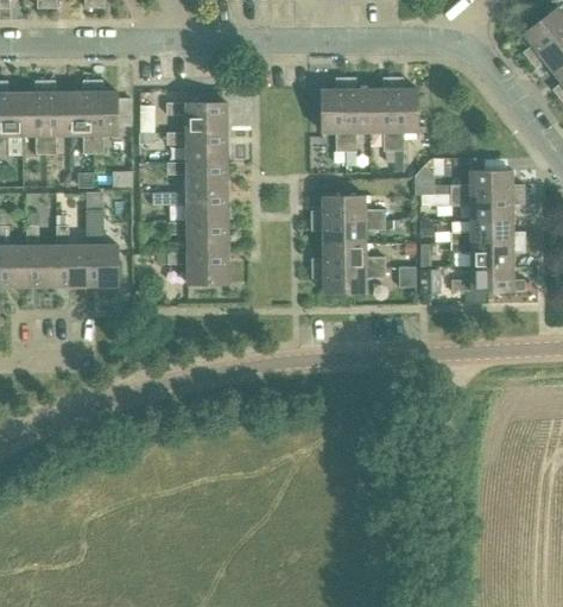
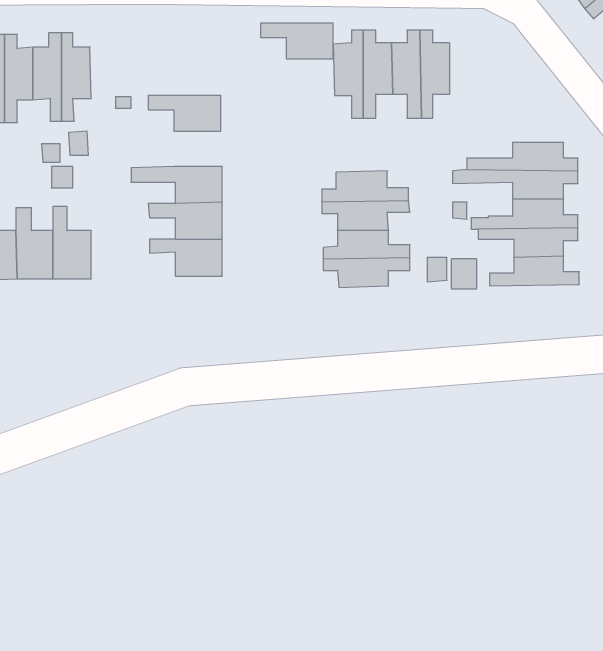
building: [166,102,227,132] -> [261,23,333,59]
building: [166,162,228,191] -> none

